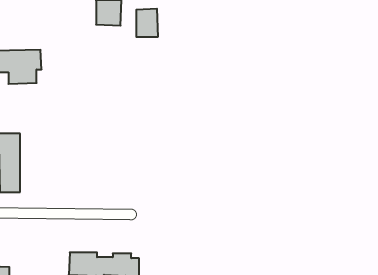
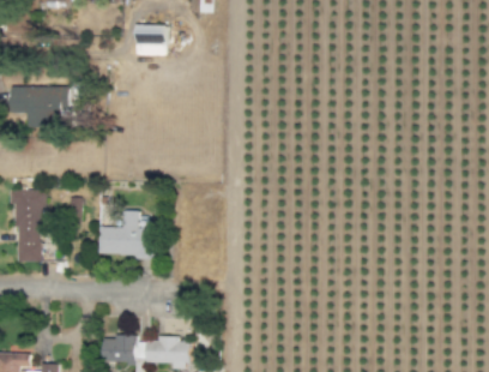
building: [136,9,158,37] -> none
building: none -> [98,210,152,256]

